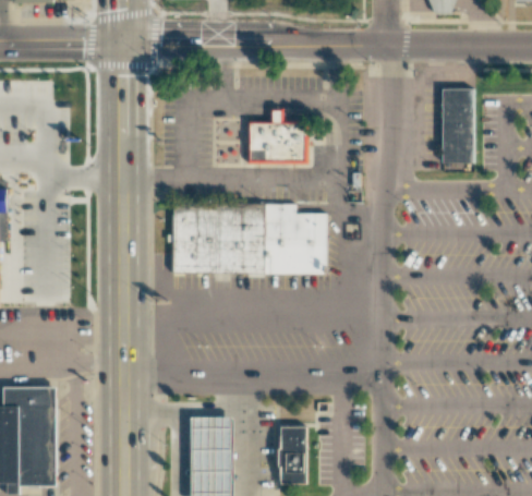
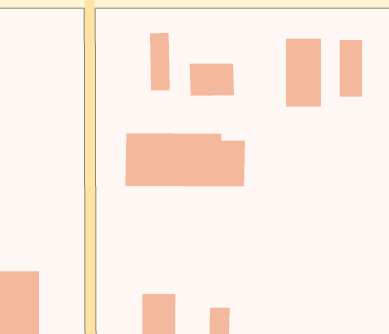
building: none -> [149,32,170,91]
building: none -> [286,38,322,107]

